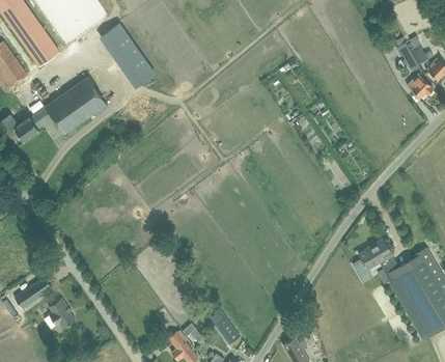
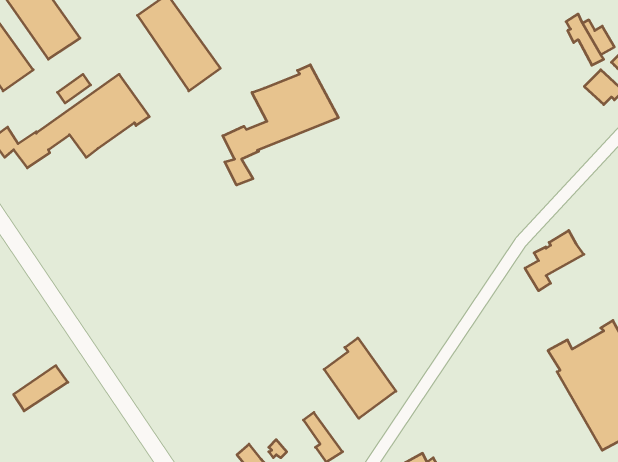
building: none -> [223,65,338,185]
building: [353,239,393,280] -> [525,230,584,291]
building: none -> [324,338,396,418]
building: [49,298,76,329] -> none

